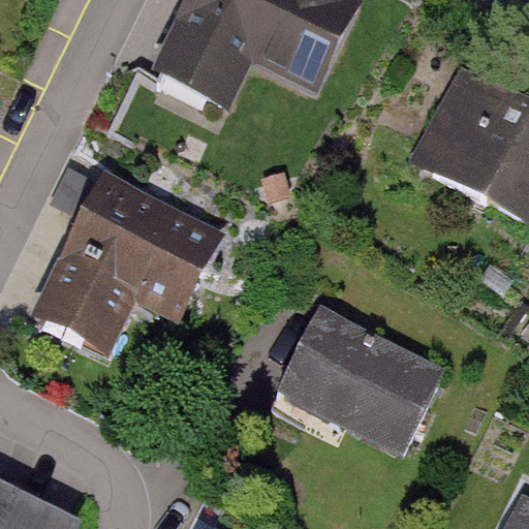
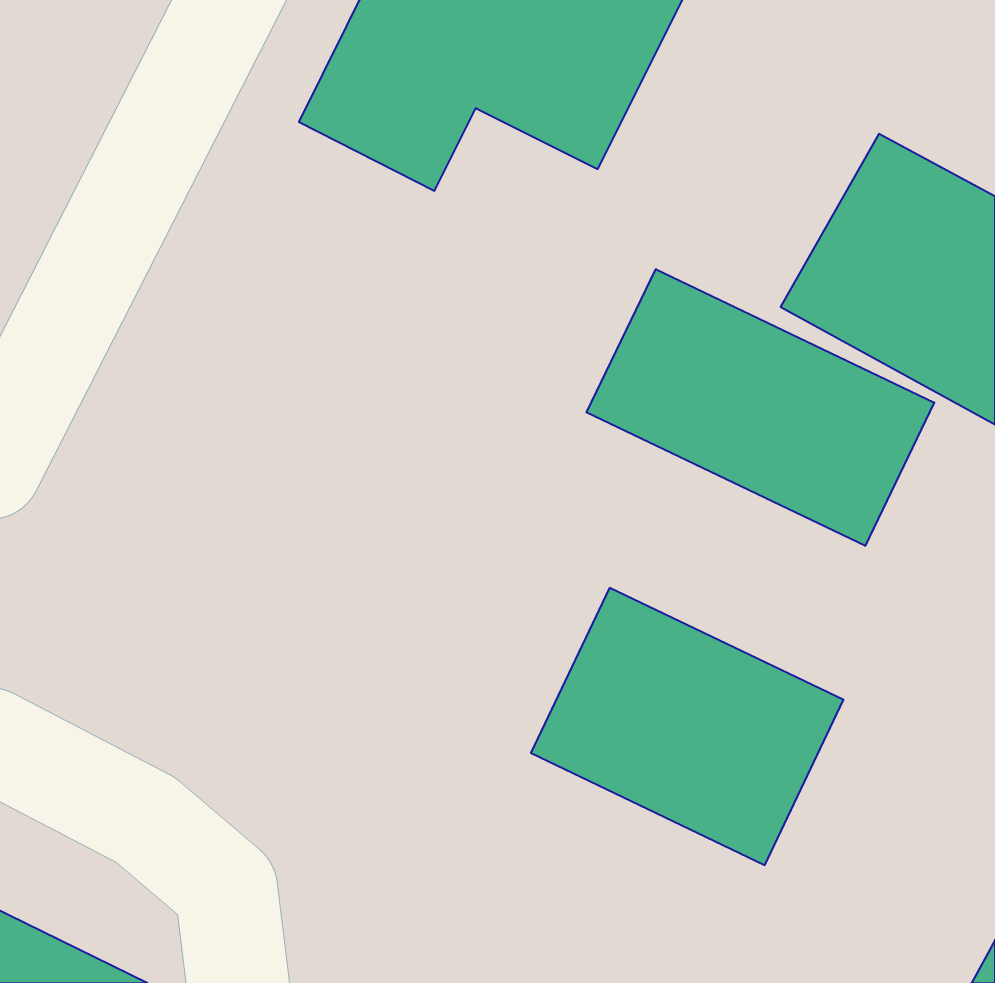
building: none -> [587,269,934,546]
building: [36,177,221,349] -> none

